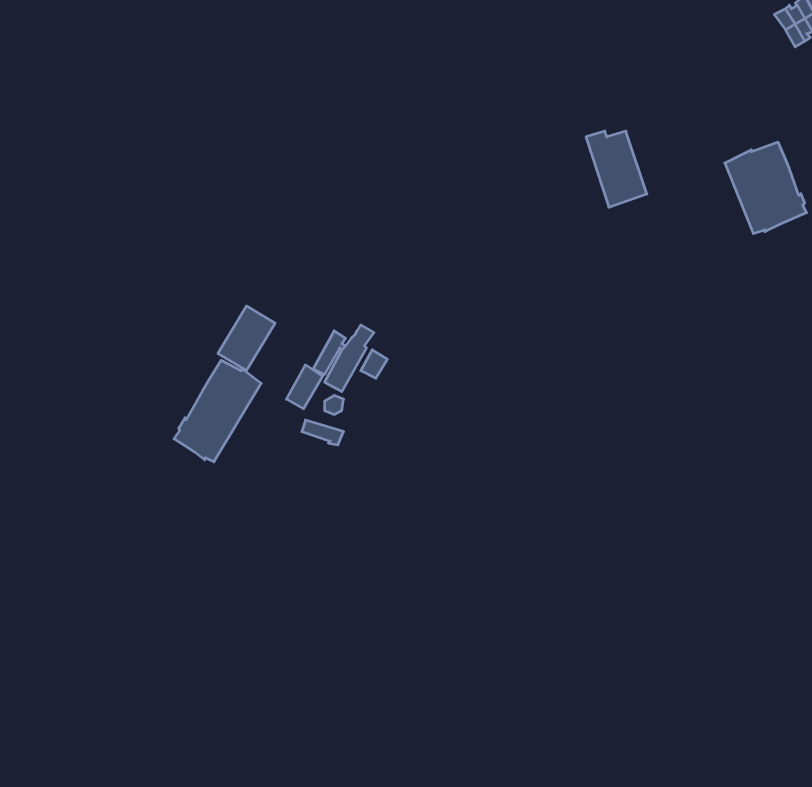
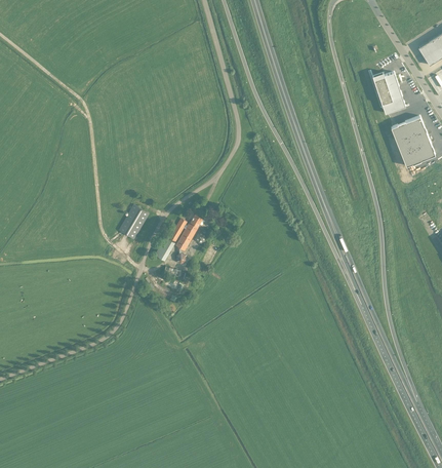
building: [586,131,647,207] -> [372,73,405,114]
building: [174,360,261,462] -> none

